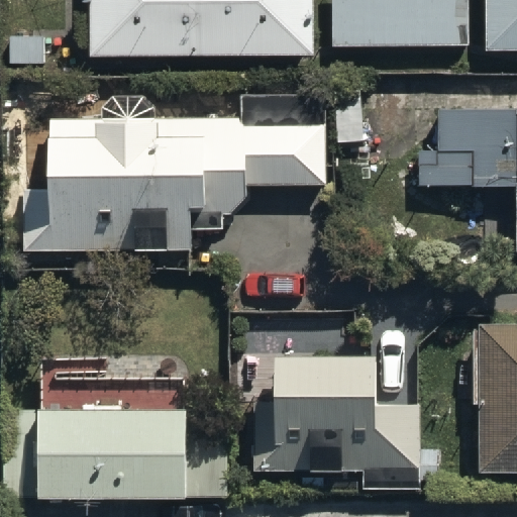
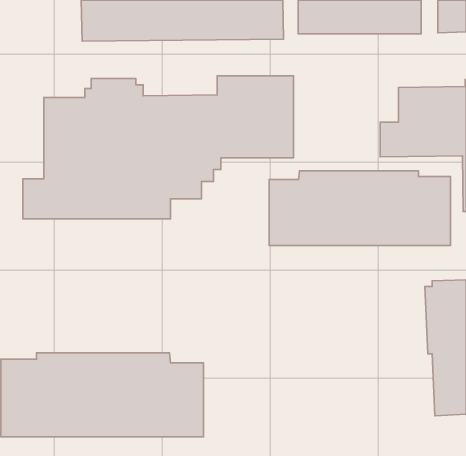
building: none -> [269,171,450,246]
building: [251,340,420,490] -> none

